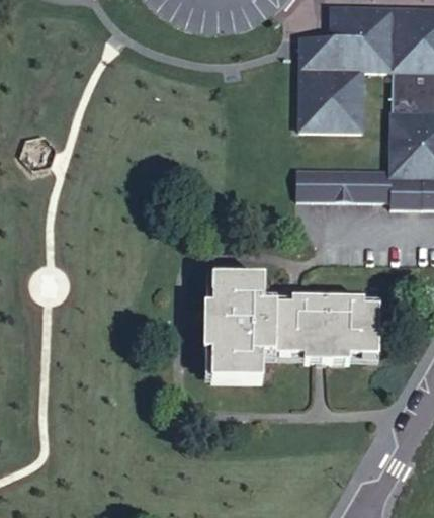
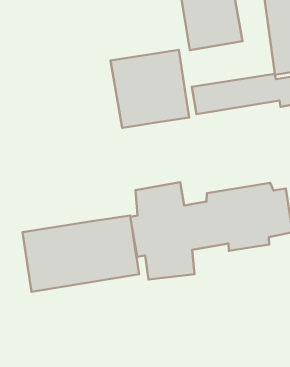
building: none -> [111,50,189,128]
building: none -> [22,215,139,292]

